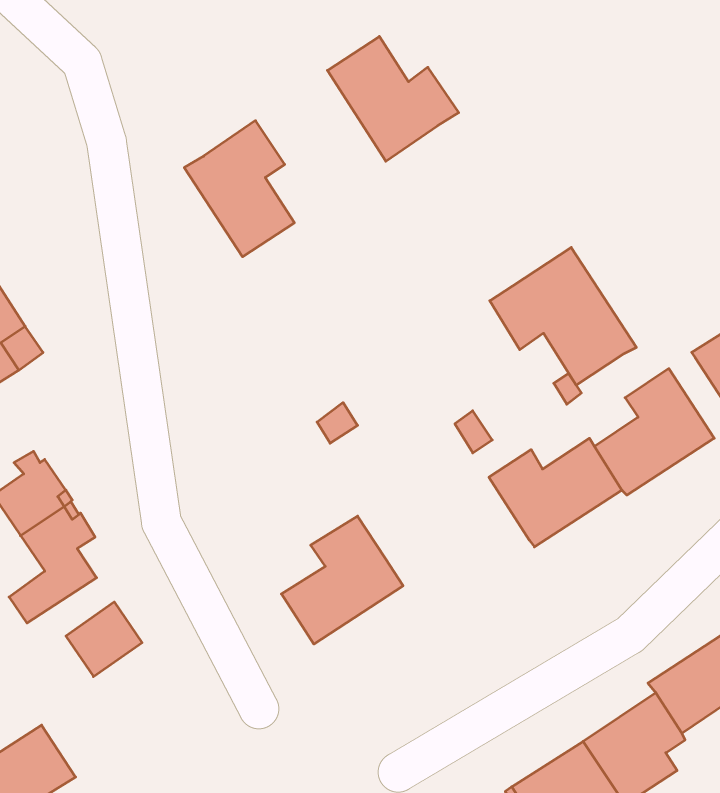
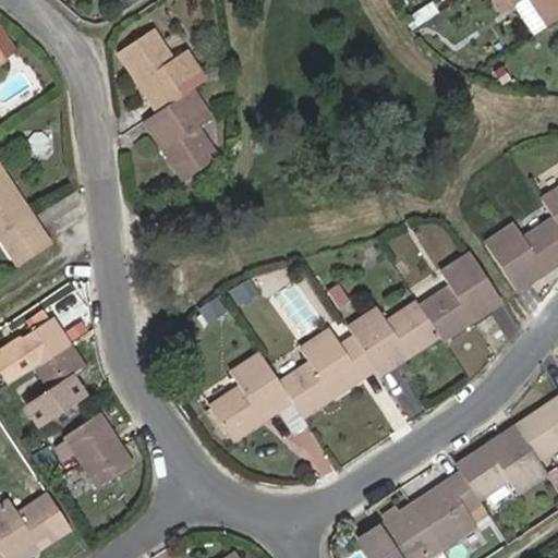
building: [327,36,459,161] -> [118,27,206,111]
building: [490,247,636,385] -> none
building: none -> [279,329,376,417]
building: none -> [83,438,132,485]

